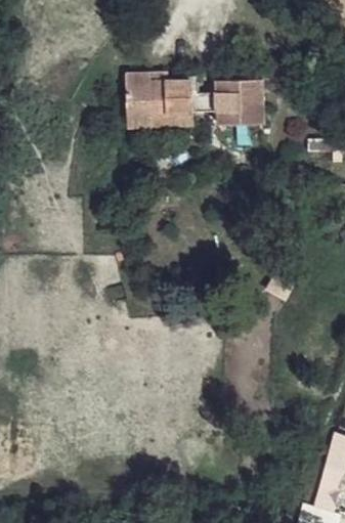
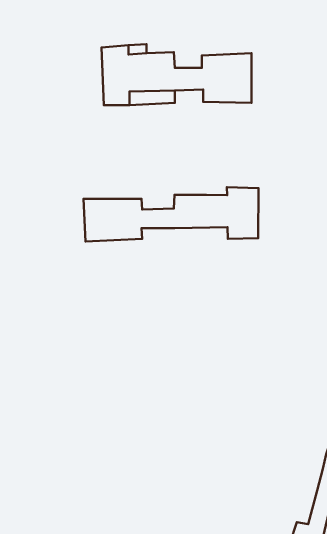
building: none -> [84,187,259,242]

